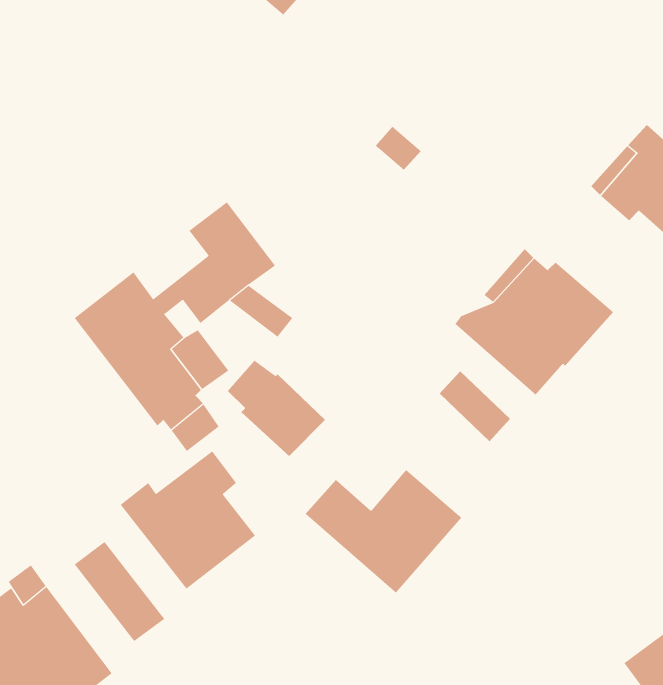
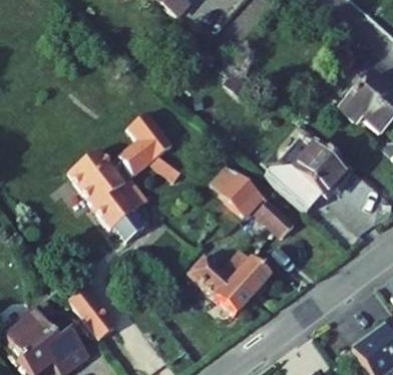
building: [227,360,326,457] -> [212,165,263,216]
building: [120,451,256,589] -> none

